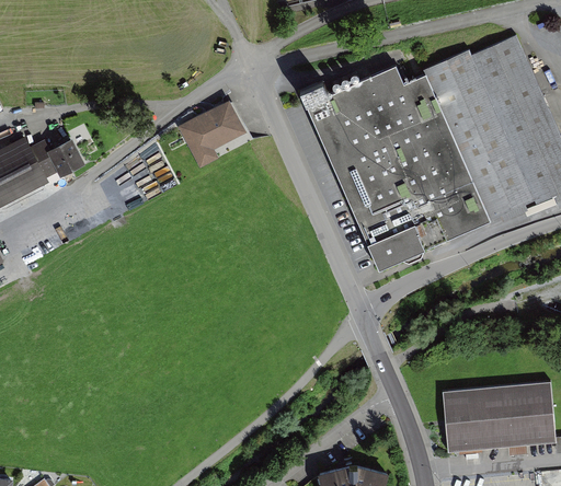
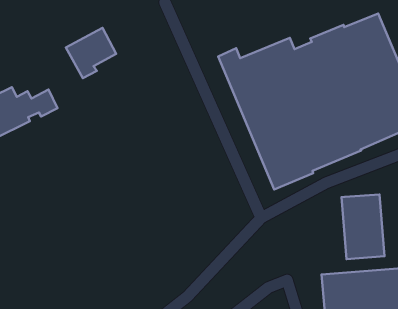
building: [179,103,247,171] -> [66,28,116,78]
building: none -> [342,194,384,259]

